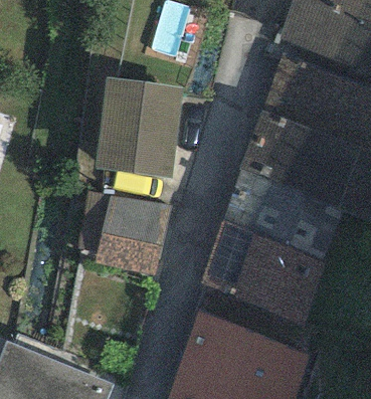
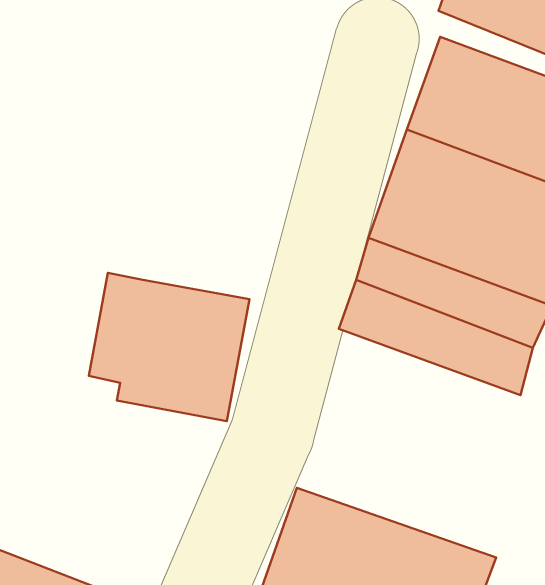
building: [96,77,184,179] -> none
building: [197,222,325,323] -> none

